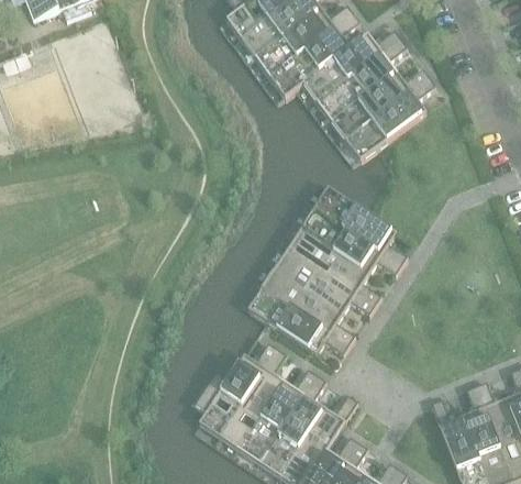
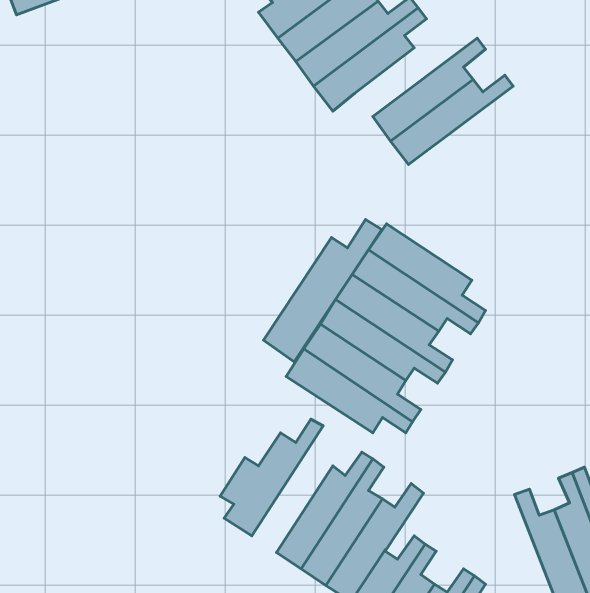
building: [302,30,400,101] -> none
building: [345,77,435,160] -> none
building: none -> [264,219,382,362]
building: [220,349,286,450] -> none

